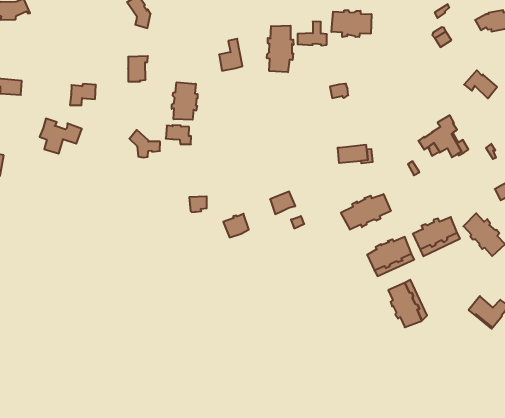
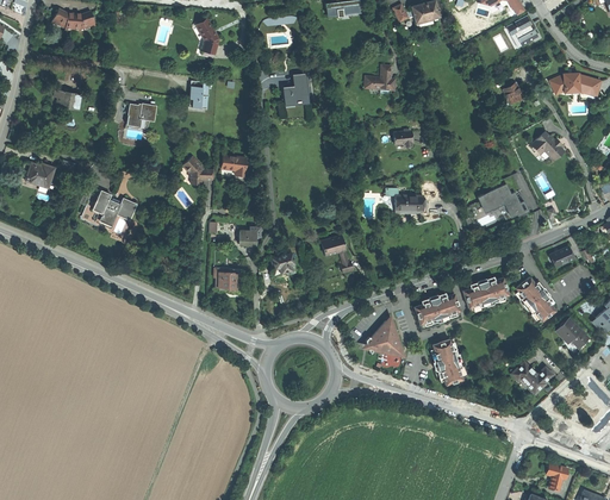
building: [331,10,371,37] -> none
building: [267,26,293,72] -> none
building: [172,82,198,120] -> none
building: [40,119,82,154] -> [92,190,136,227]
building: [341,194,391,230] -> none
building: none -> [214,267,242,289]
building: none -> [365,320,402,356]

